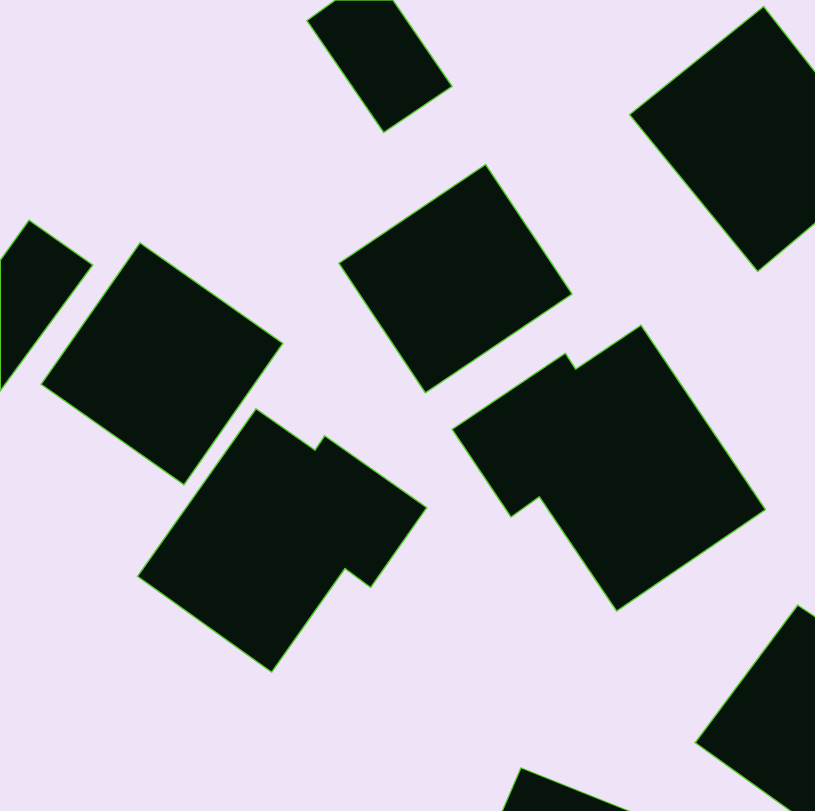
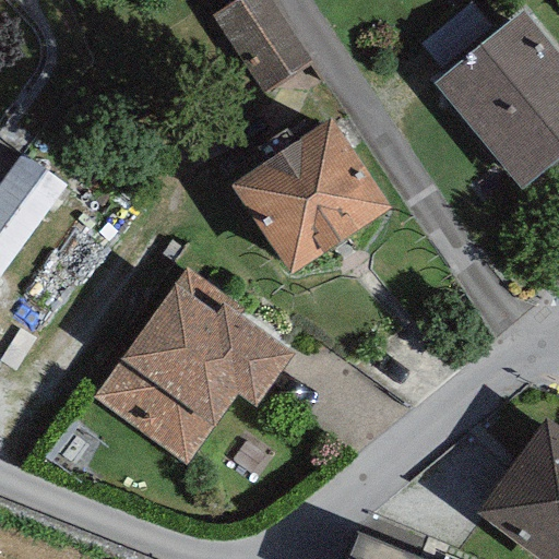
building: [41,243,283,485] -> none
building: [452,325,765,611] -> none

